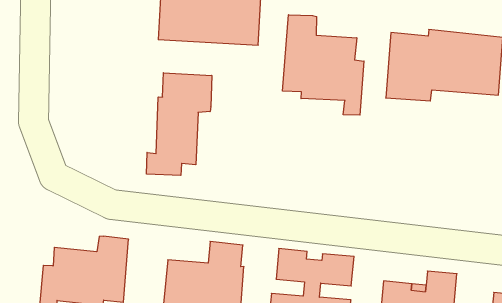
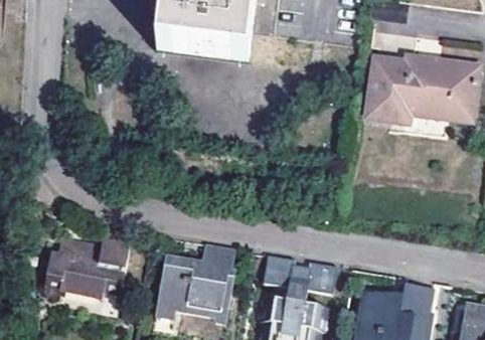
building: [283,15,364,115] -> none
building: [147,73,212,175] -> none

